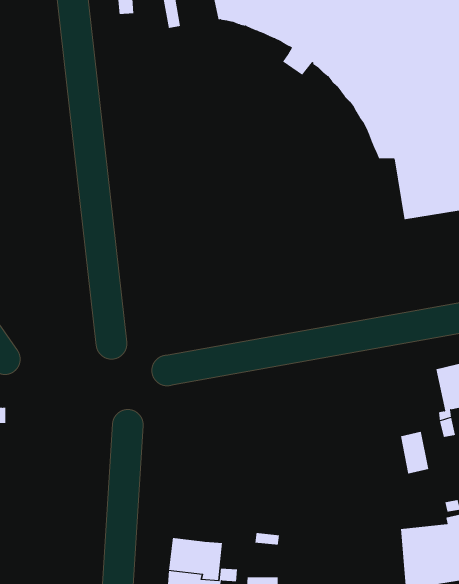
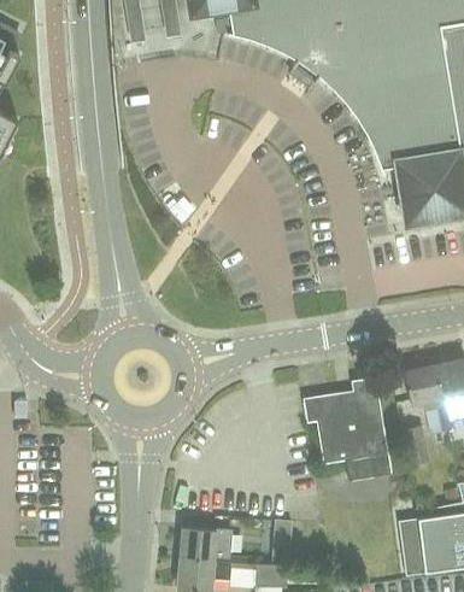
building: none -> [405,367,444,410]
building: none -> [304,376,390,479]

